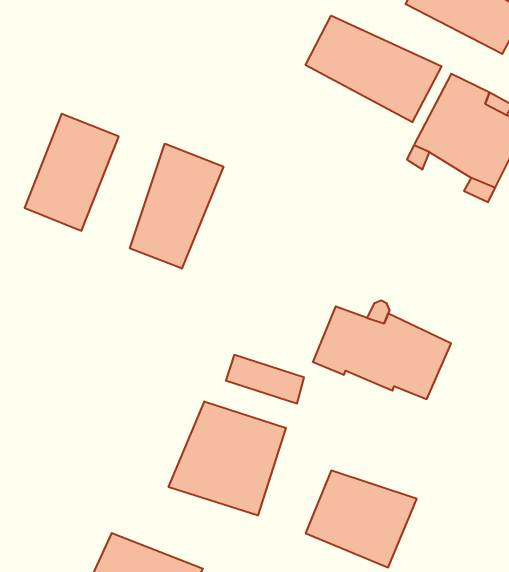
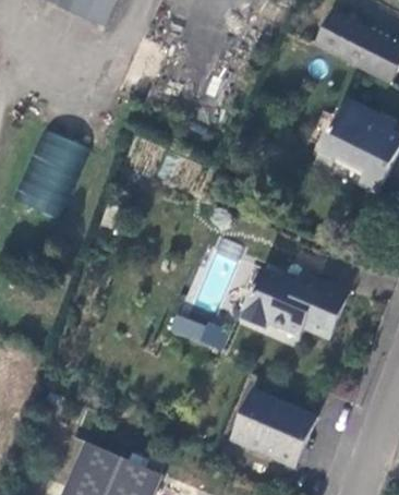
building: [306,16,441,122] -> none
building: [130,144,223,269] -> none
building: [169,401,286,515] -> none

